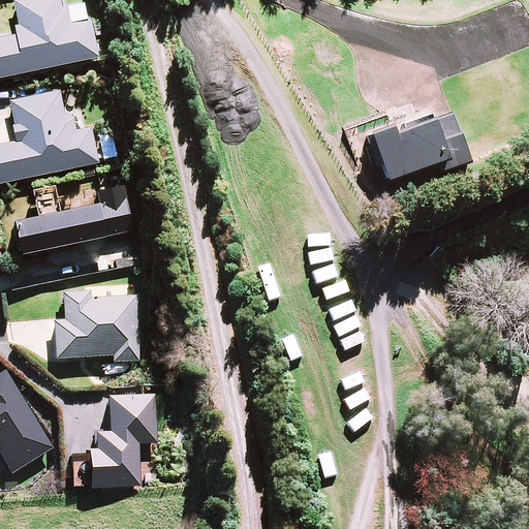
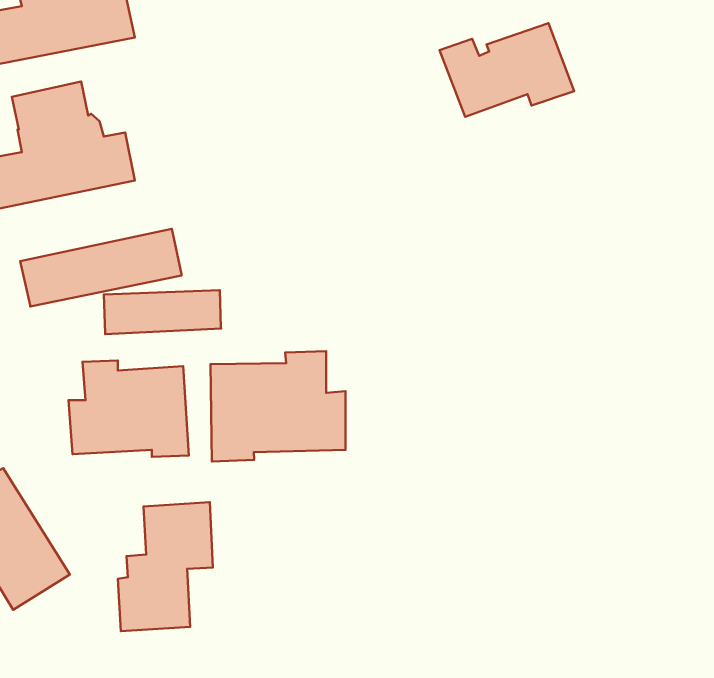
building: [378,112,476,180] -> [440,23,574,117]
building: none -> [104,290,221,334]
building: none -> [211,351,346,461]

